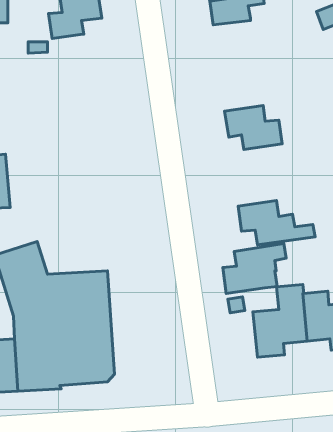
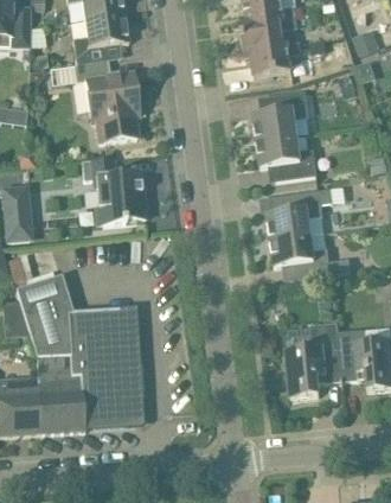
building: none -> [244,40,301,76]
building: none -> [73,59,136,142]
building: none -> [252,90,308,140]
building: none -> [81,158,145,225]
building: [223,244,286,293] -> [267,187,333,240]

